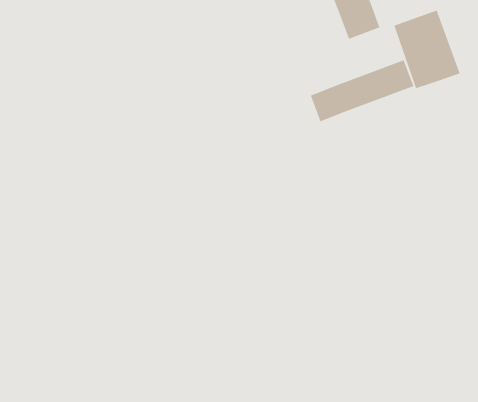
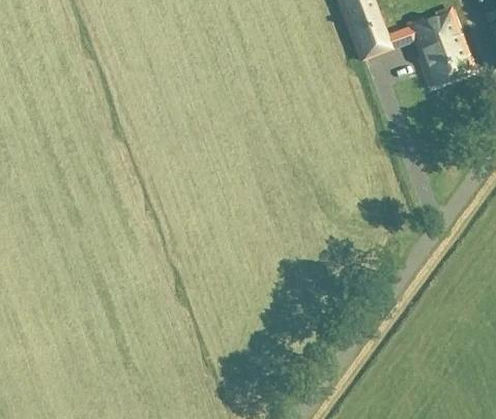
building: [310,60,414,122] -> none

